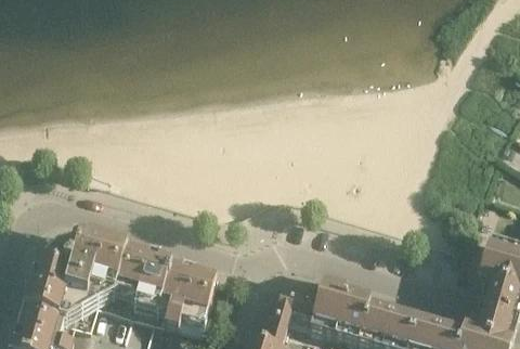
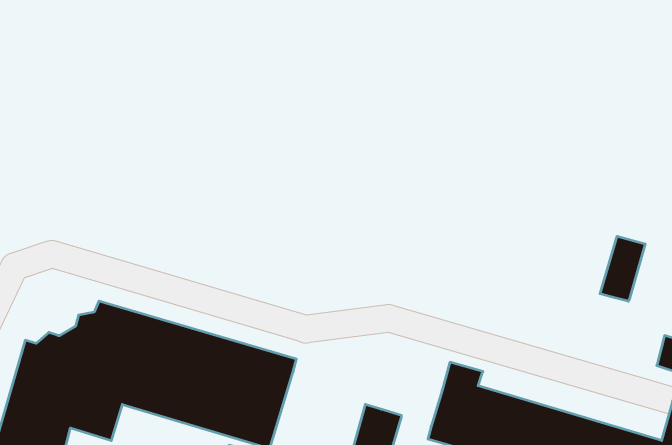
building: none -> [600,236,645,301]
building: [276,288,318,323] -> none

